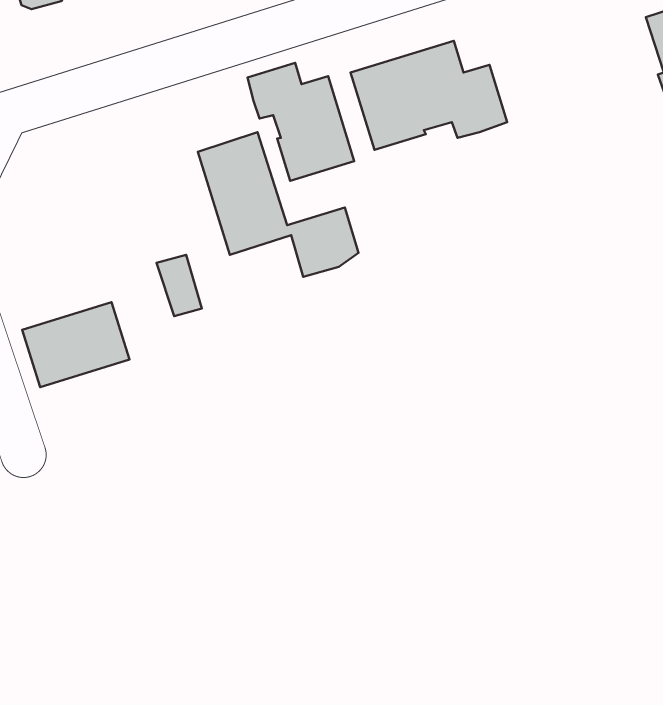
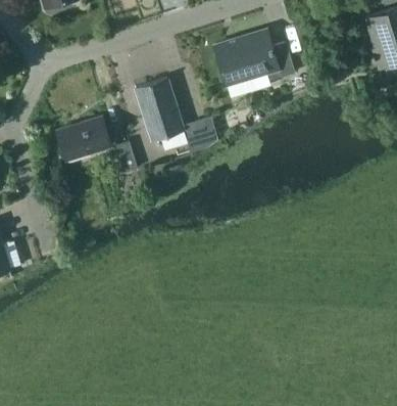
building: [247,63,354,181] -> none
building: [22,302,129,387] -> [56,117,111,161]

